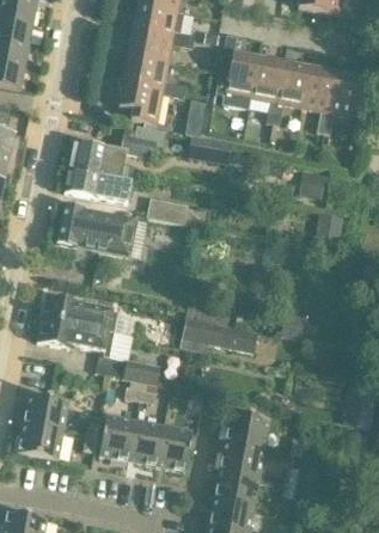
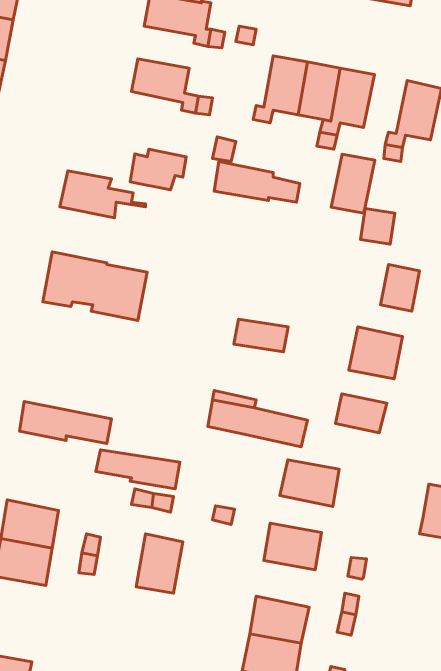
building: [129,30,173,62] -> none
building: [302,67,336,112] -> [331,154,375,213]
building: [120,80,164,123] -> none
building: [66,165,135,202] -> none
building: [148,198,190,223] -> [234,319,288,352]
building: none -> [349,327,403,379]
building: [42,296,112,331] -> none
building: [99,415,135,460] -> none
building: [157,425,192,471] -> none
building: [220,440,265,476] -> [280,460,339,506]

